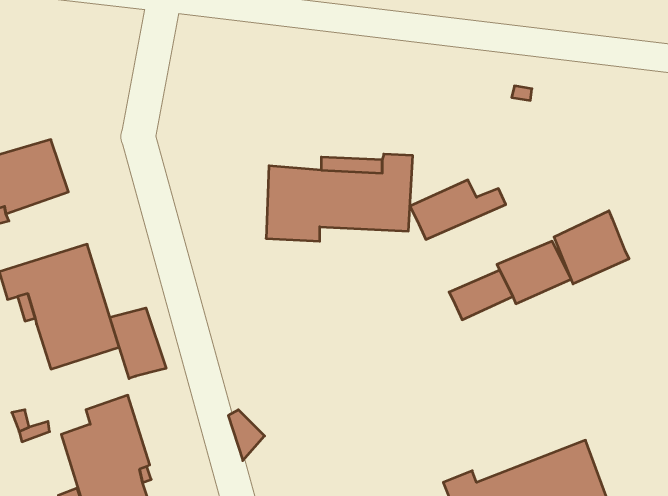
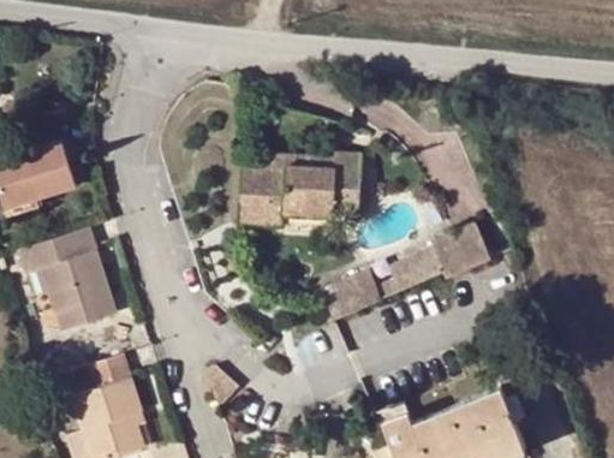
building: [410,180,506,239] -> [322,270,401,320]
building: [554,211,629,284] -> none
building: [110,308,166,379] -> none

